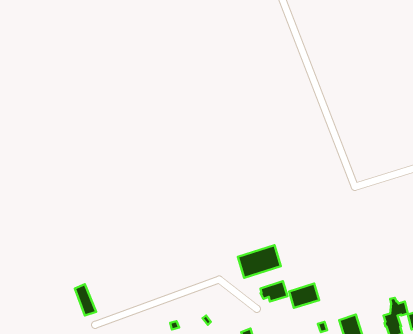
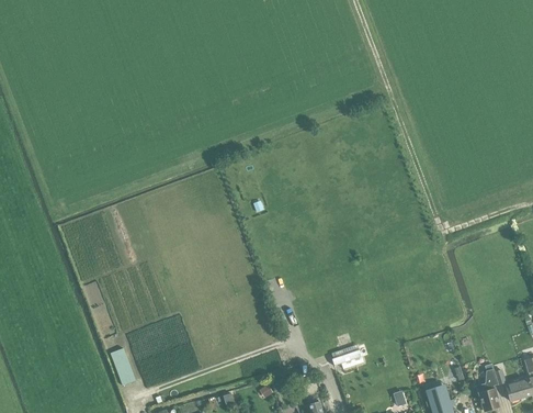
building: [238,245,281,278] -> none
building: [289,284,319,308] -> none

